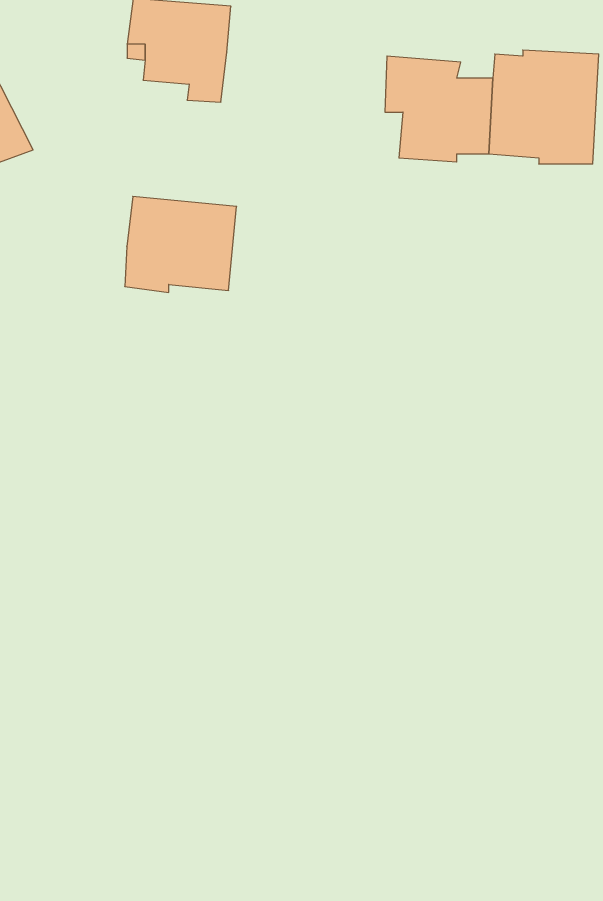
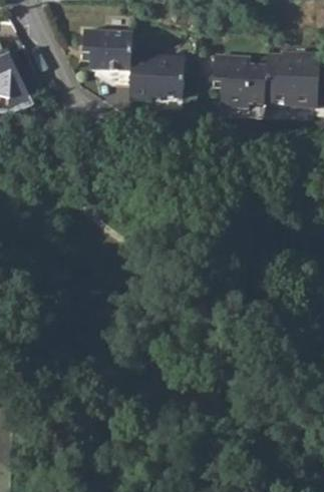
building: [125,196,237,292] -> [128,54,185,102]

